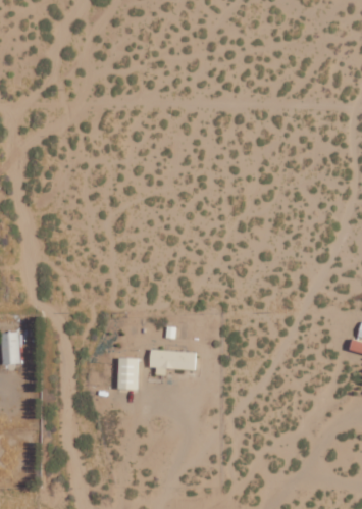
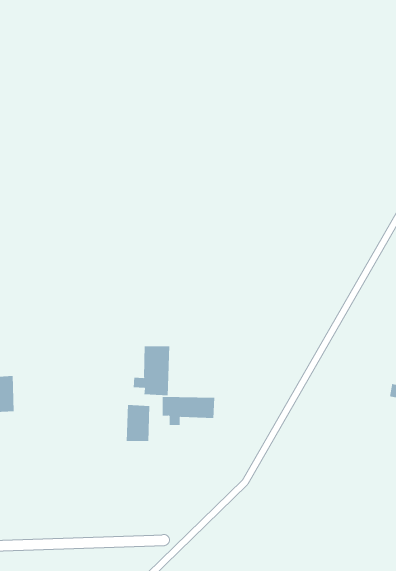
building: none -> [133,346,170,396]

